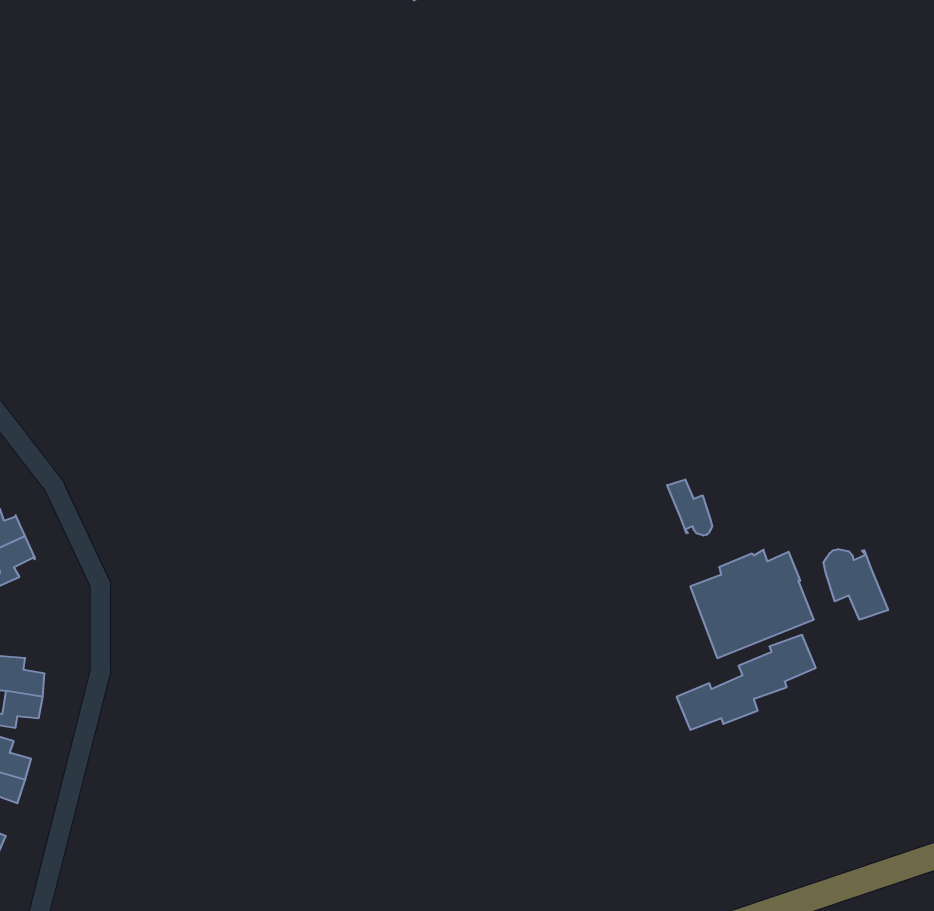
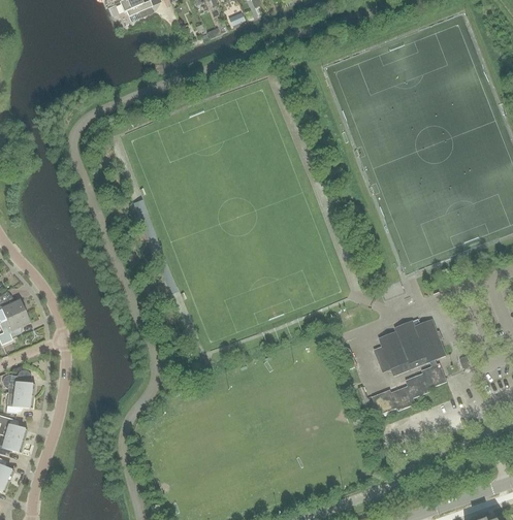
building: [667,479,712,536] -> none
building: [823,549,888,620] -> none

